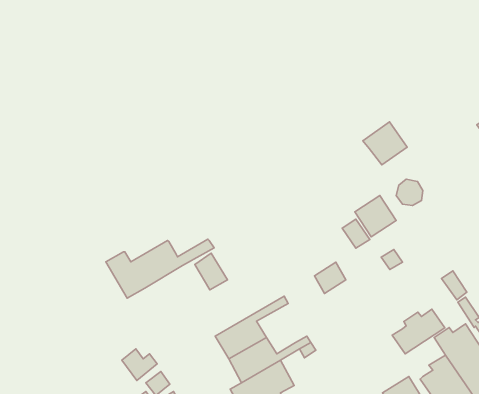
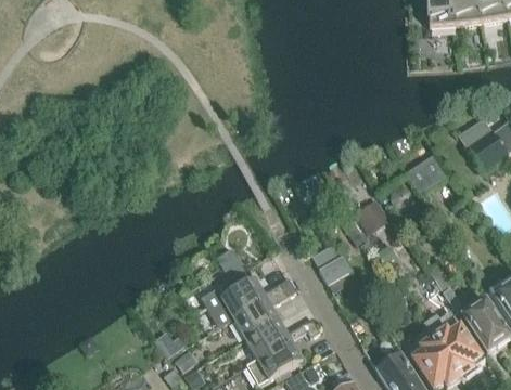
building: [363,122,407,165] -> [407,155,445,192]
building: [106,239,214,298] -> [201,276,294,327]
building: [392,309,445,354] -> none

